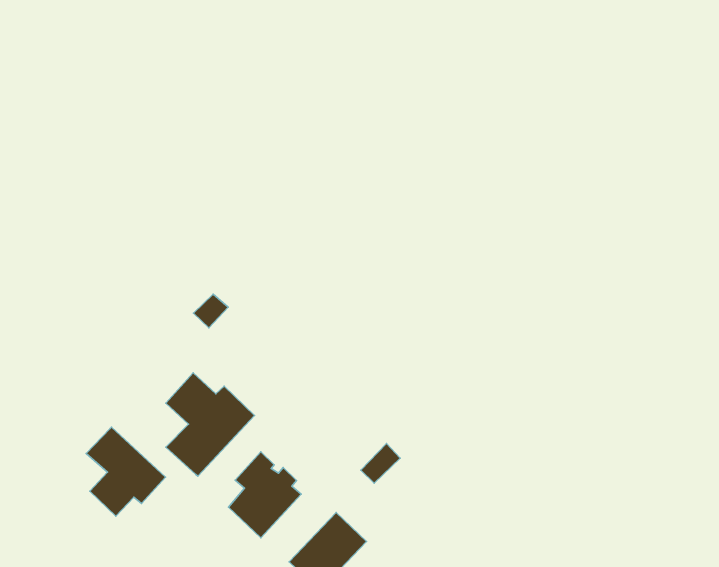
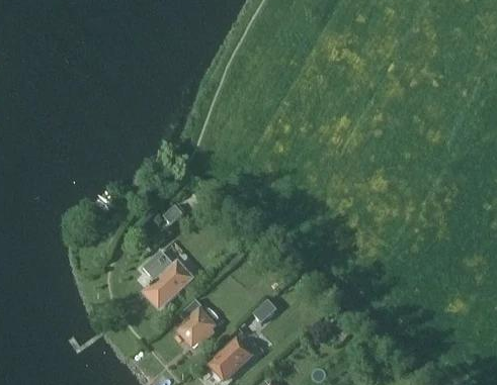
building: [86,427,165,516] -> none

